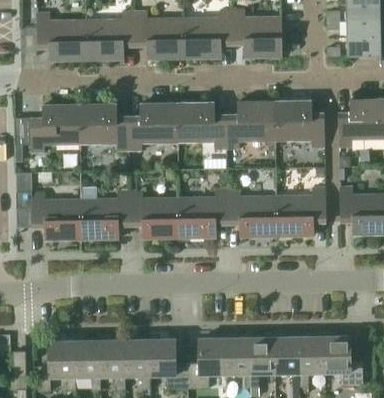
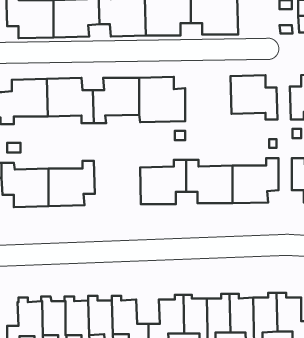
building: [226,101,275,149] -> none
building: [129,191,179,238] -> none

